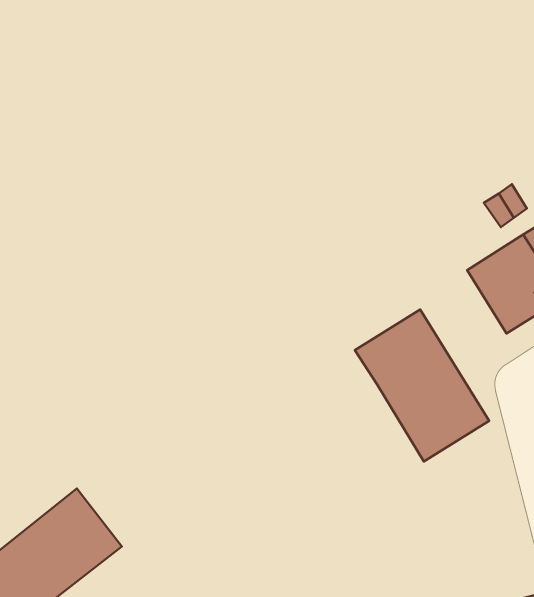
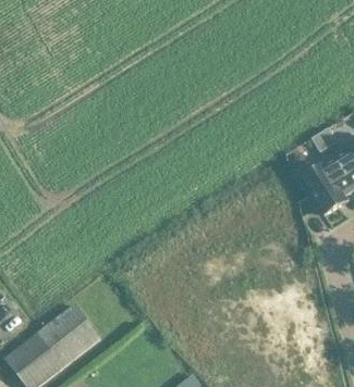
building: [355,310,489,461] -> none

